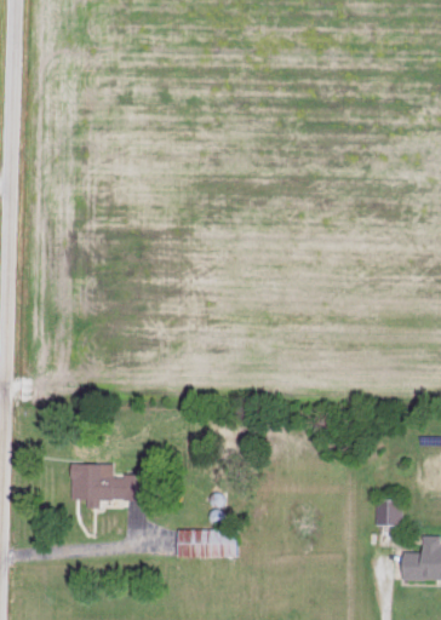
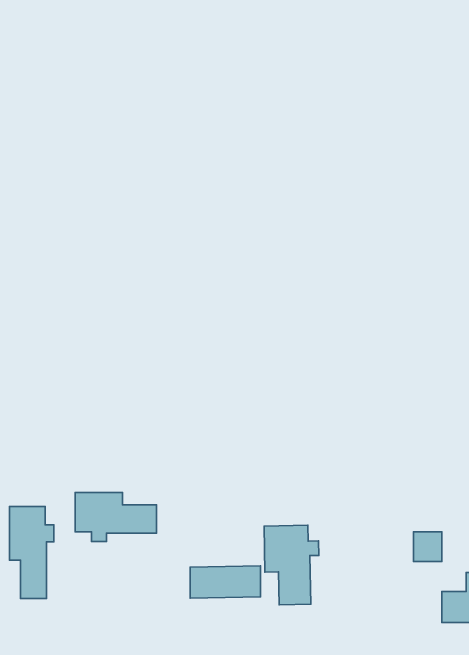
building: none -> [9,506,54,599]
building: none -> [264,525,319,605]

